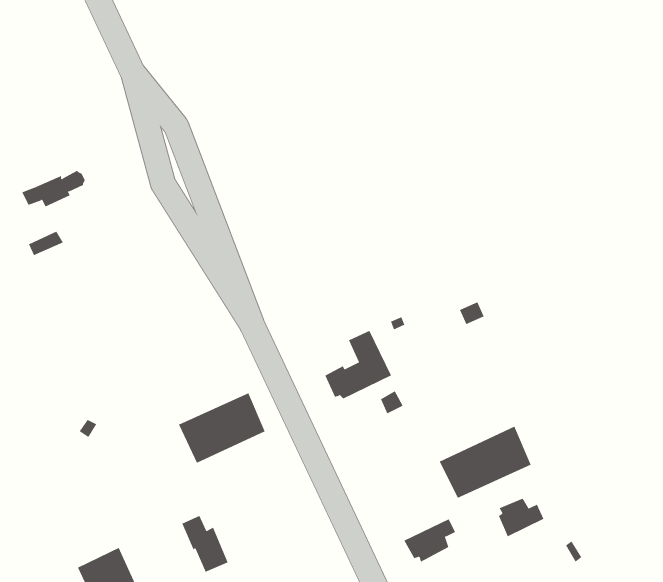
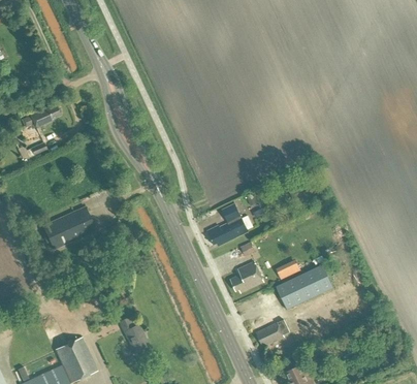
building: [178,393,266,463] -> [42,206,96,250]
building: none -> [230,261,264,291]
building: [498,498,544,537] -> none

